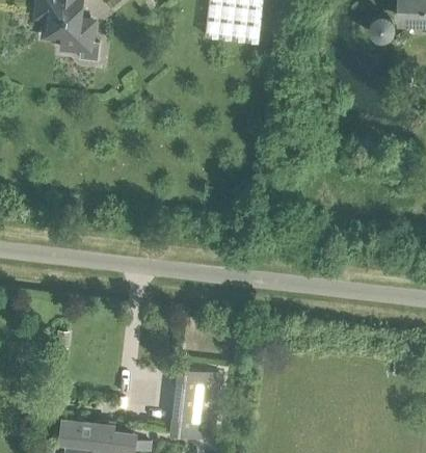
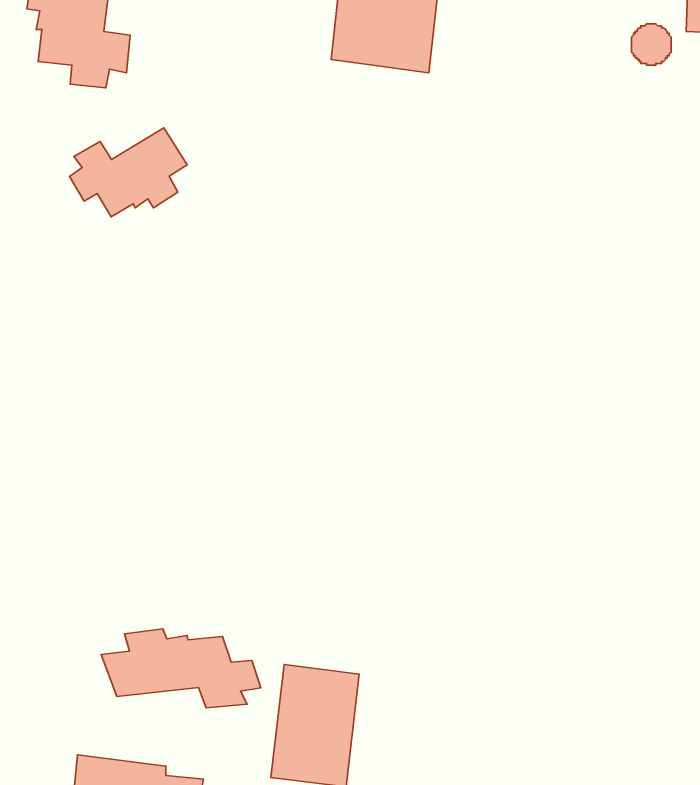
building: none -> [70,128,187,217]
building: none -> [101,629,261,708]

